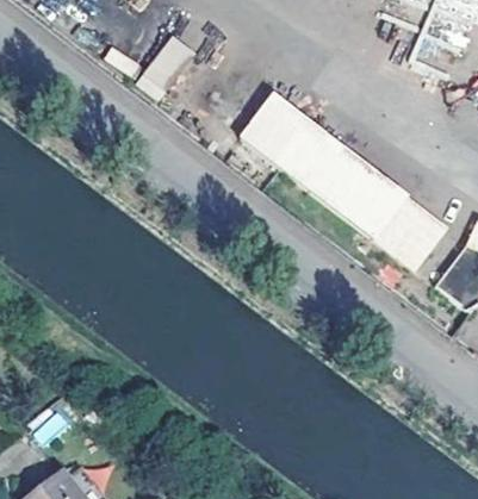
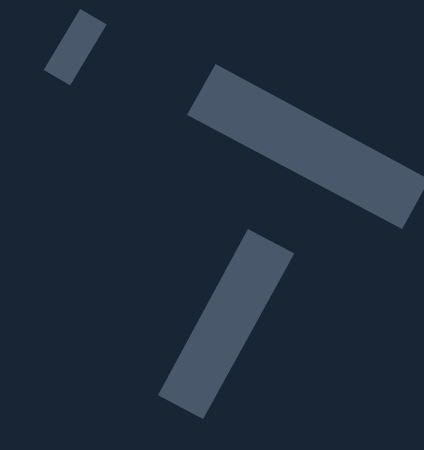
building: none -> [157,228,296,420]

